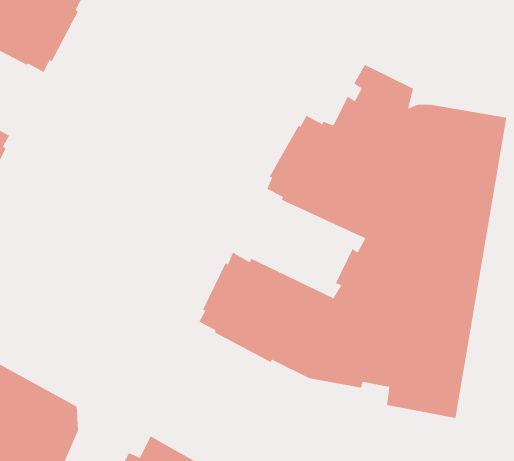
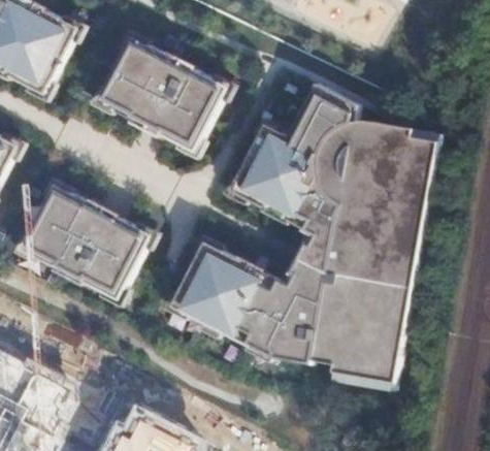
building: none -> [98,40,224,151]
building: none -> [21,188,146,298]

